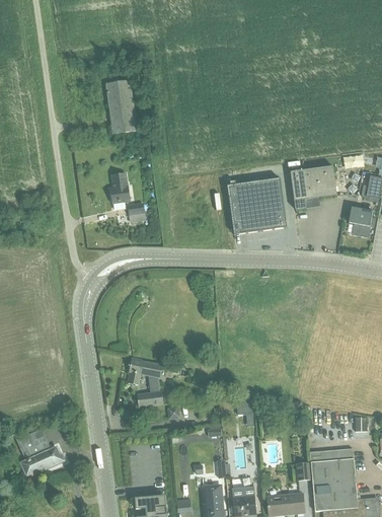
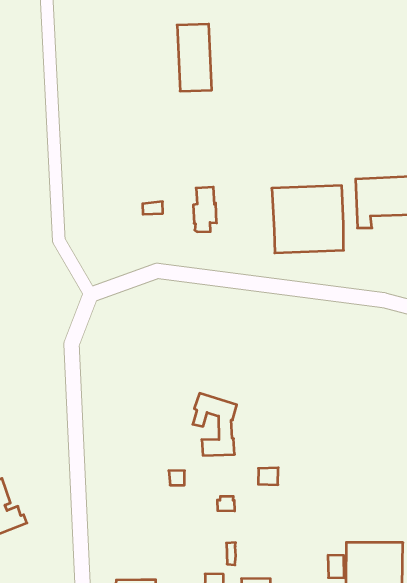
building: [106,80,138,134] -> [177,24,212,91]
building: [111,173,131,209] -> [193,187,217,232]
building: [130,359,164,407] -> [193,393,237,455]

